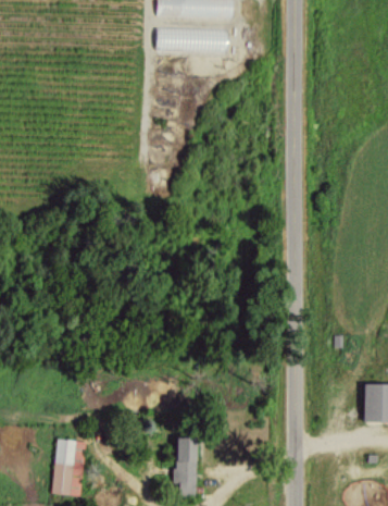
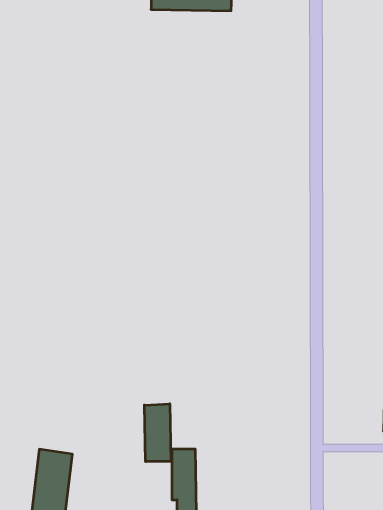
building: none -> [144,404,171,462]

